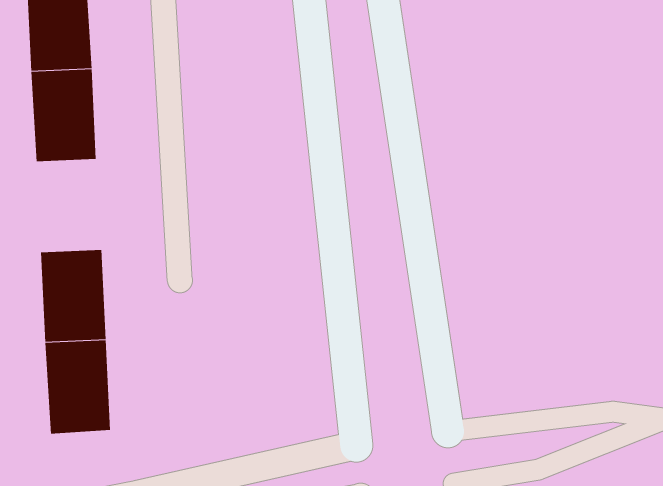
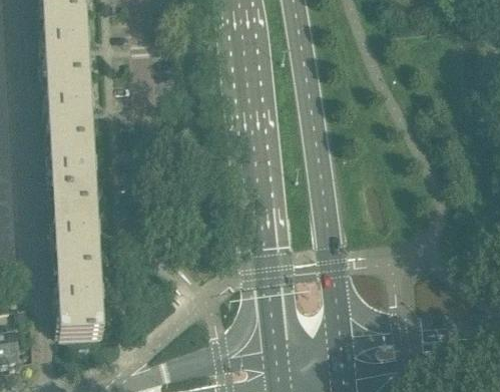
building: none -> [51,145,98,212]

